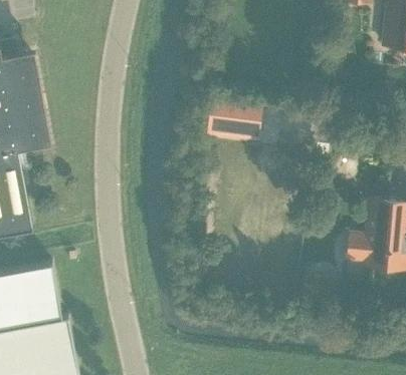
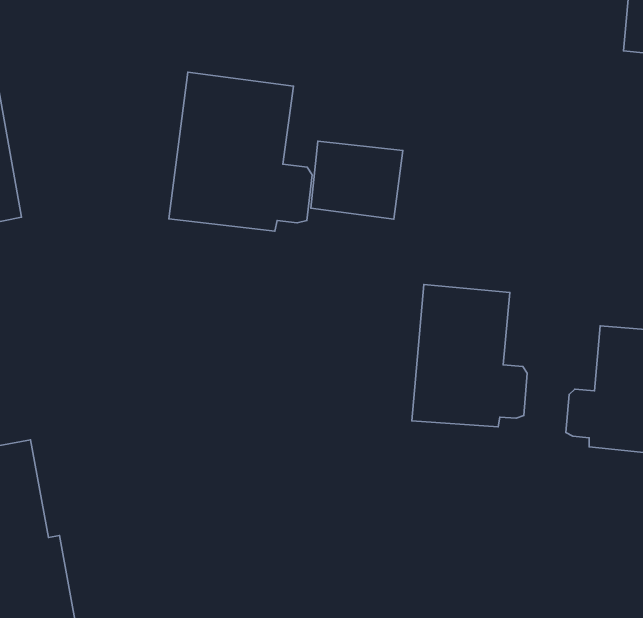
building: none -> [169,72,312,231]
building: none -> [412,285,527,427]

